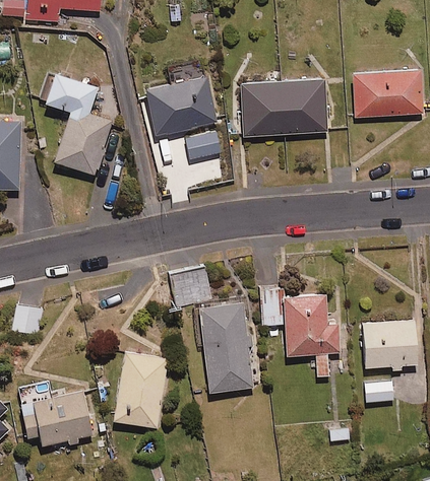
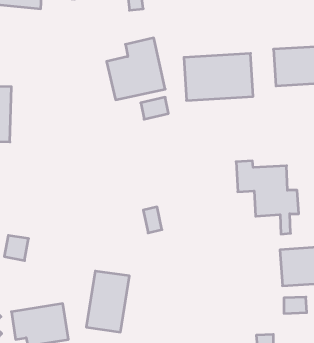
building: [48,71,115,174] -> none
building: [260,287,339,379] -> [236,161,299,234]
building: [196,300,252,393] -> none

